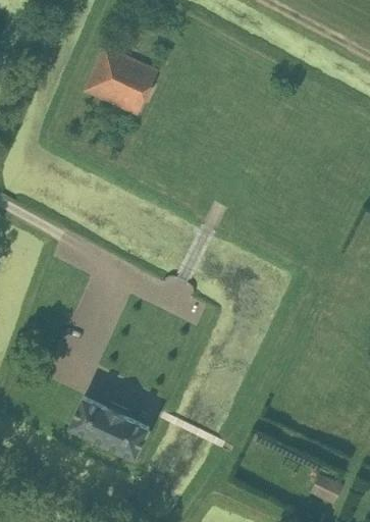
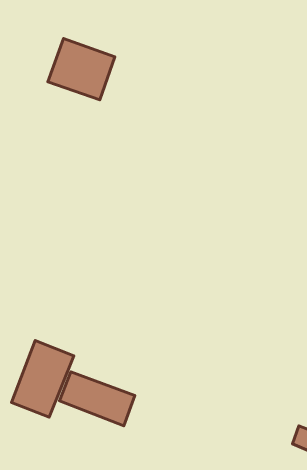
building: none -> [11,341,74,417]

